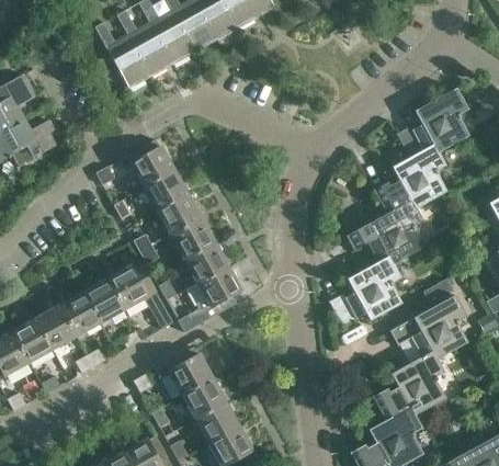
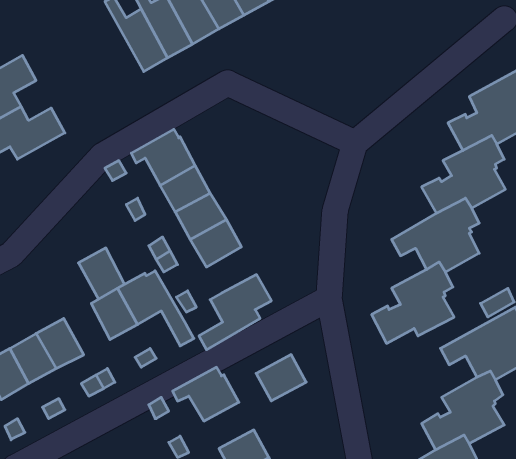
building: [184,242,228,283] -> none
building: [59,292,100,337] -> [78,248,125,299]
building: [182,378,226,419] -> [256,355,306,401]

